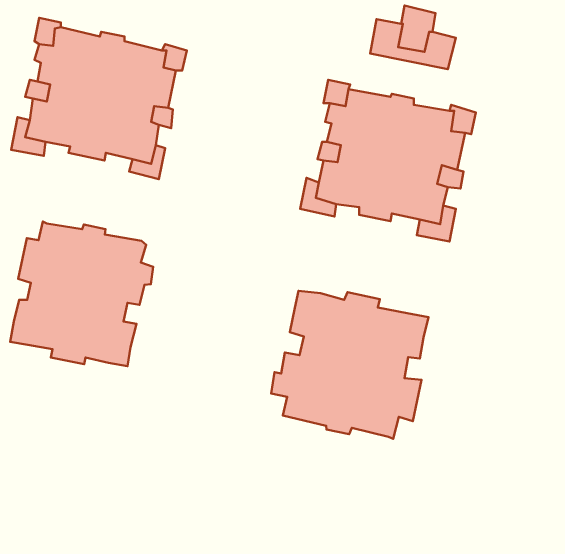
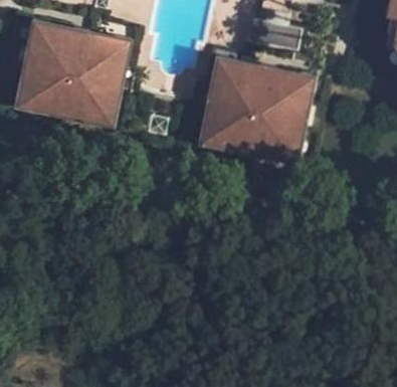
building: [10,222,153,366] -> none
building: [271,291,429,439] -> none

